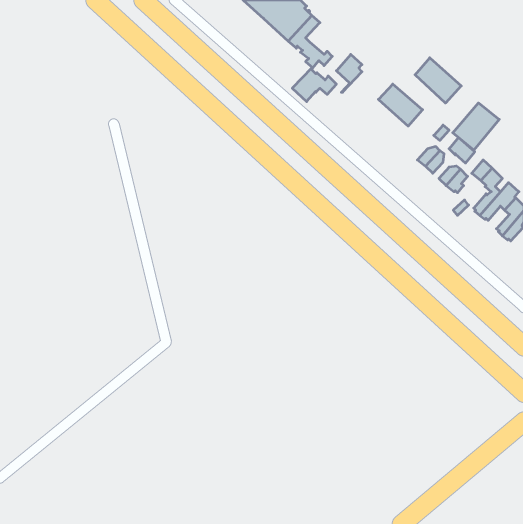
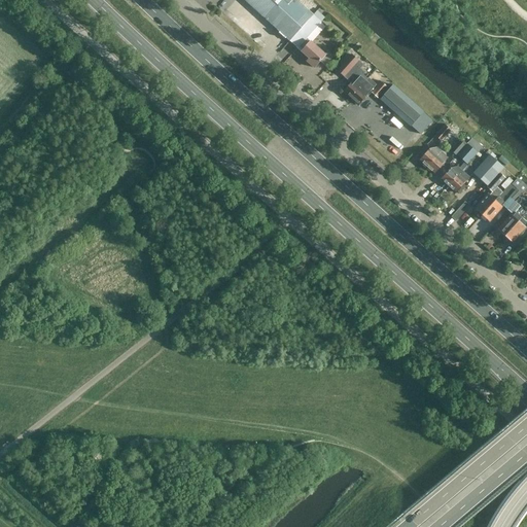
building: [415,58,461,103] -> none
building: [292,68,336,102] -> [345,72,389,106]
building: [453,103,499,150] -> none

